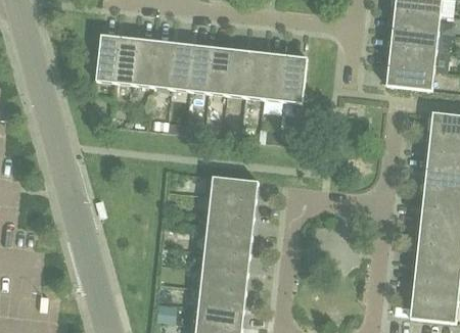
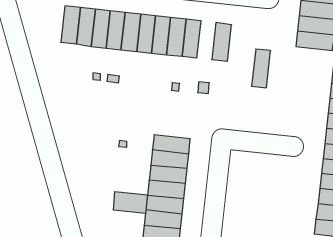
building: [264,52,287,100] -> [252,49,271,88]
building: [211,175,258,198] -> none
building: none -> [113,192,147,213]

